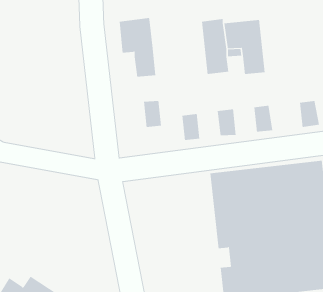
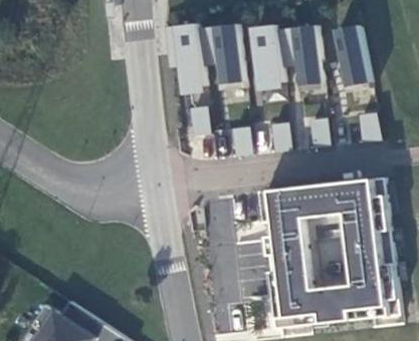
building: none -> [199,23,244,83]
building: none -> [335,24,370,85]

